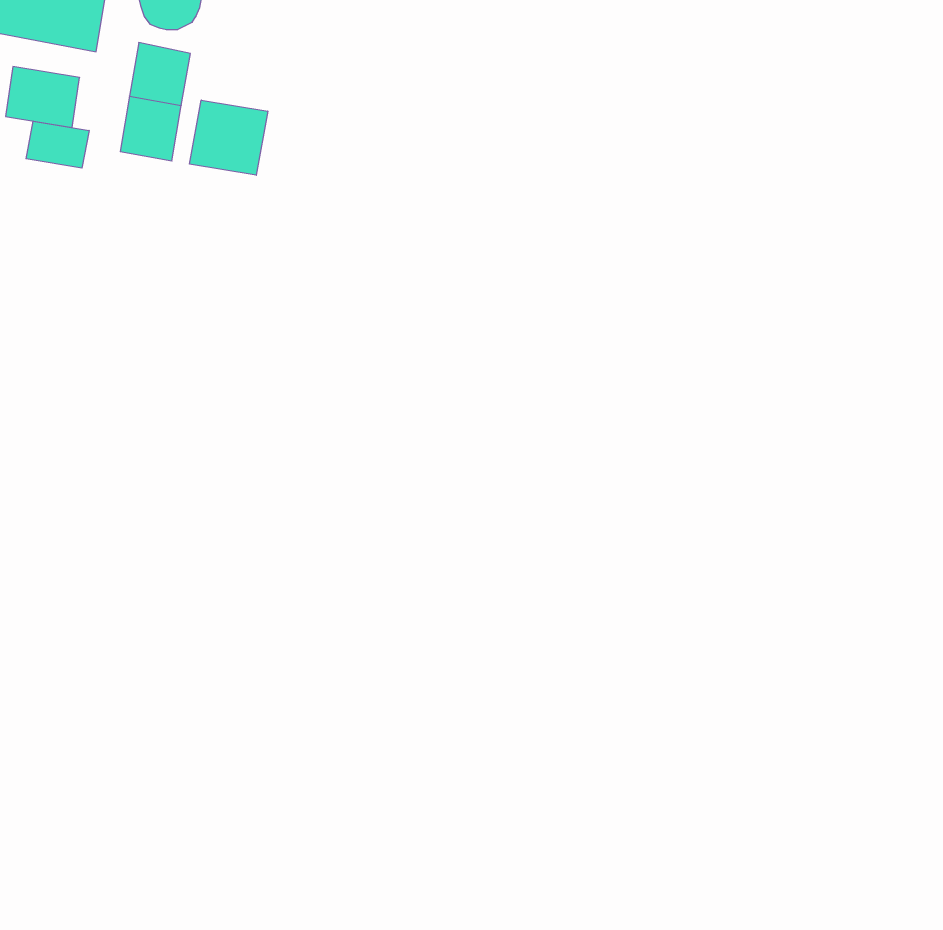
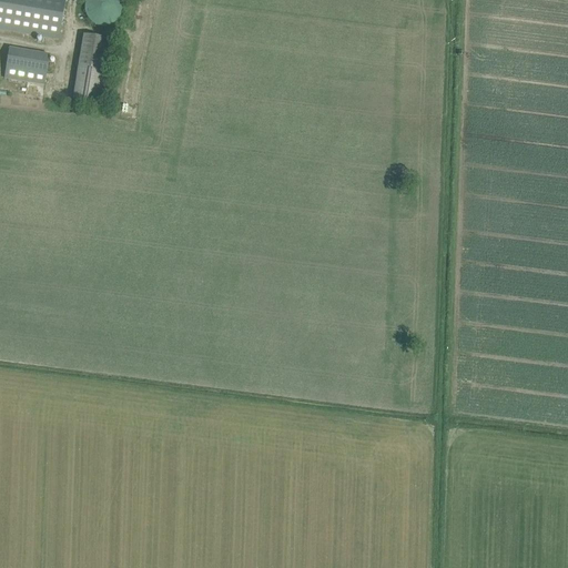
building: [190,100,268,175] -> none
building: [26,121,89,168] -> none

